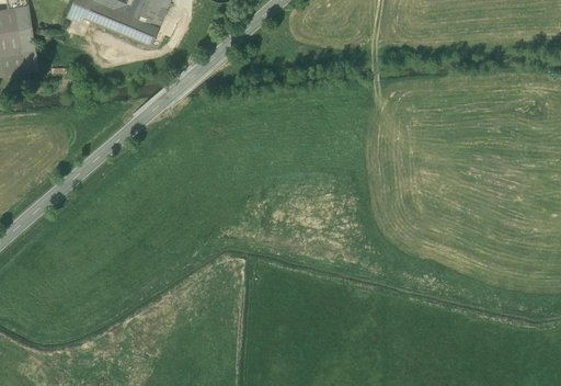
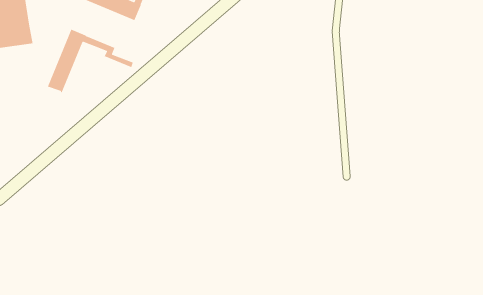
building: none -> [46,29,134,93]

